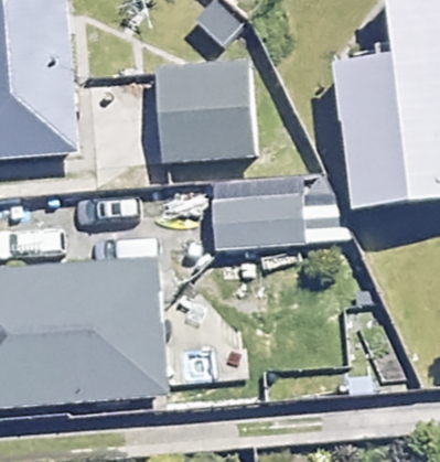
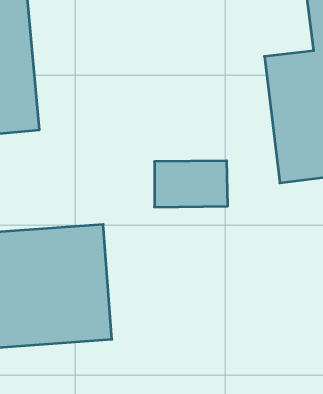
building: [159,61,250,161] -> none

